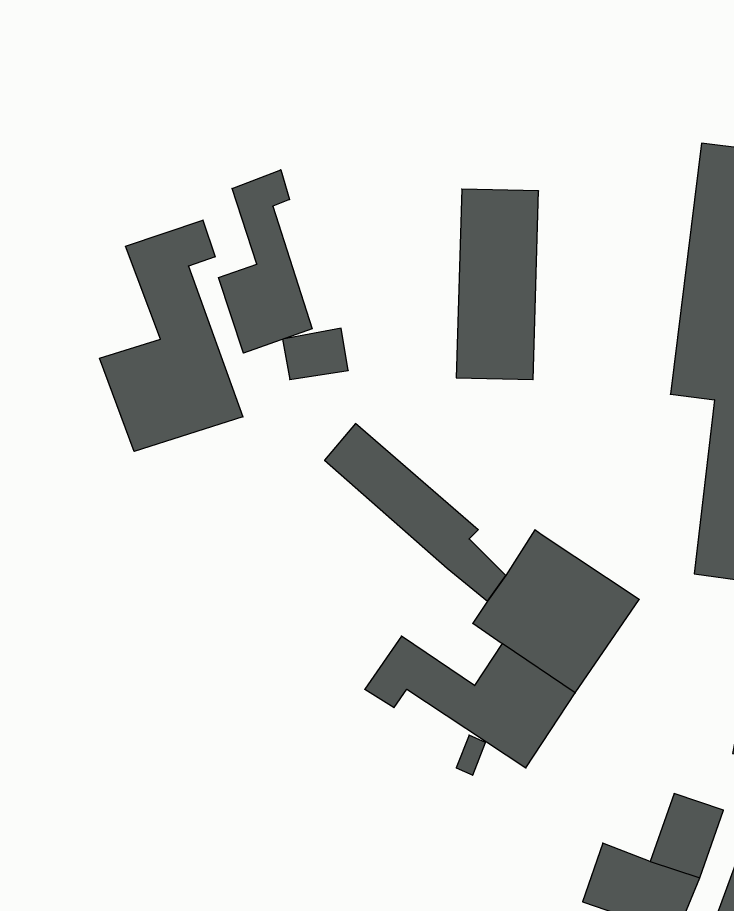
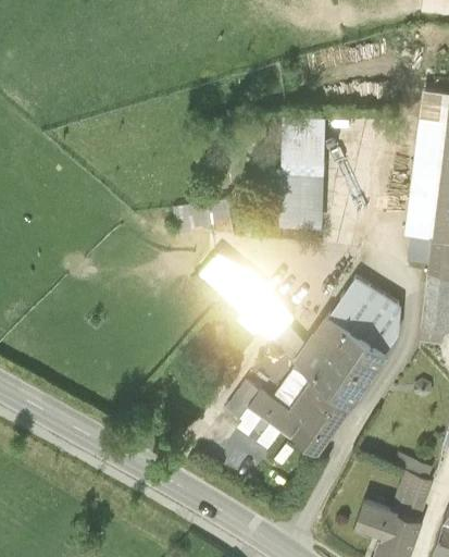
building: [219,170,312,353] -> none
building: [100,220,243,451] -> none
building: none -> [329,275,401,357]

